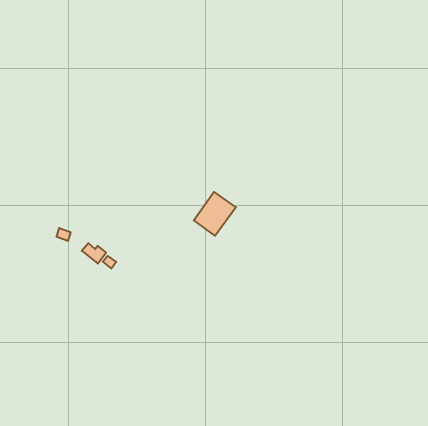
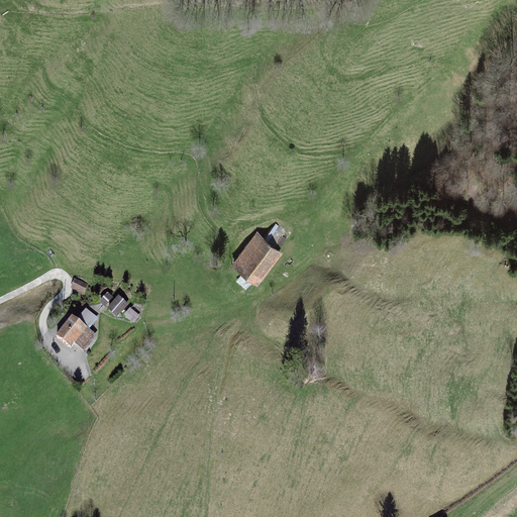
building: none -> [55,308,97,352]

